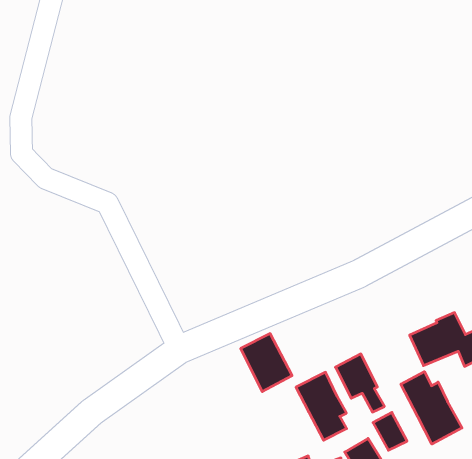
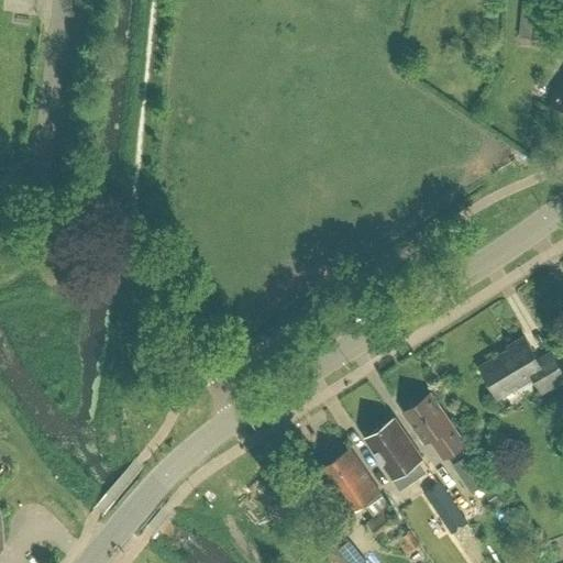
building: [241,334,292,392] -> [321,450,379,512]
building: [401,372,462,444] -> none

